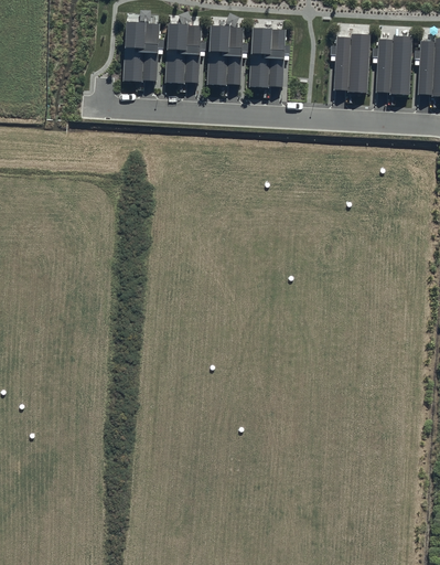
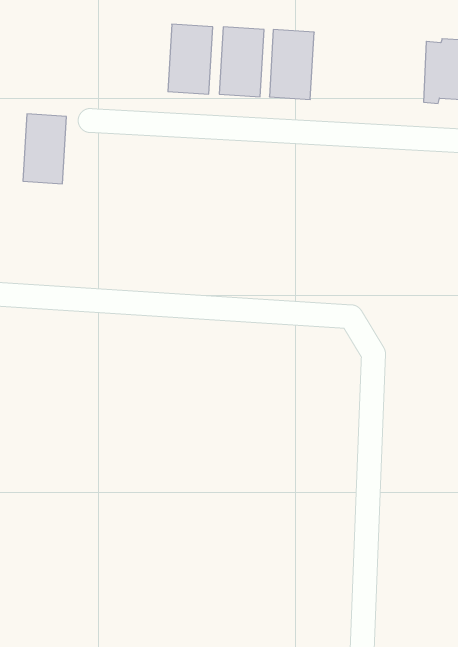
building: [122,23,159,82] -> [23,114,66,184]
building: [337,40,372,93] -> none

